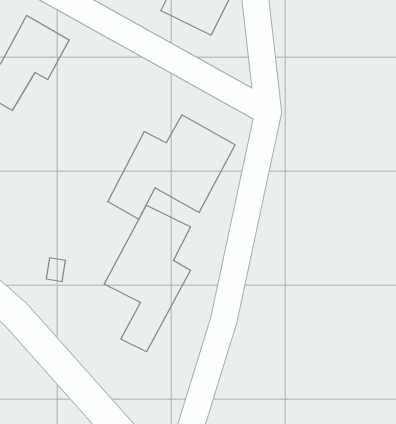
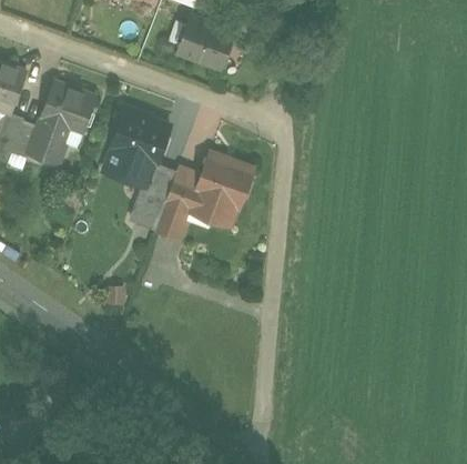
building: none -> [100,102,175,232]
building: [104,205,191,352] -> none

